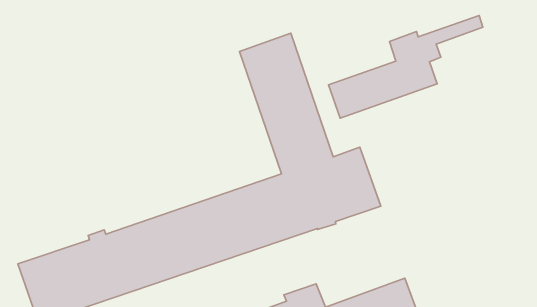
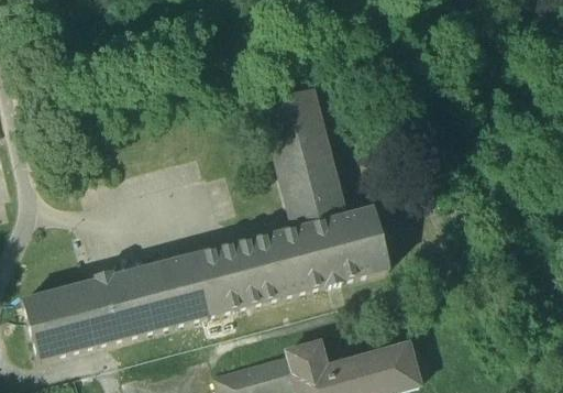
building: [329,15,483,118] -> none

